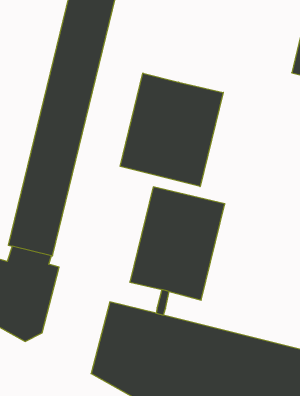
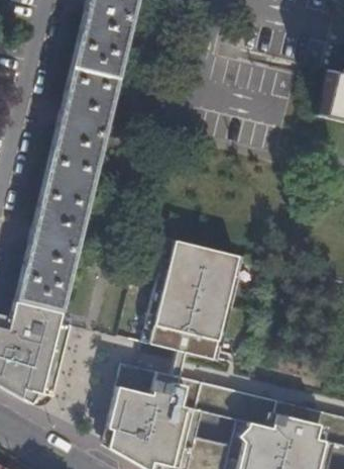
building: [120,73,223,187] -> none

